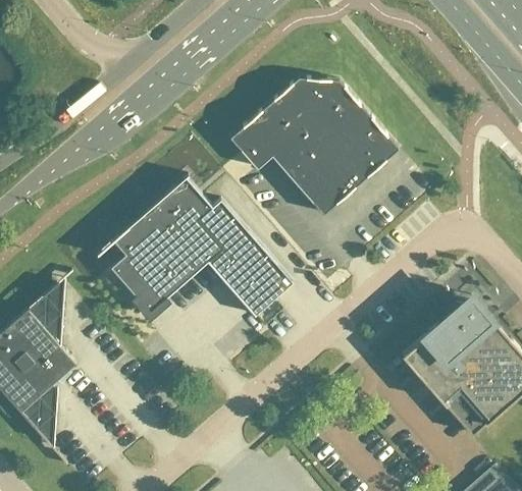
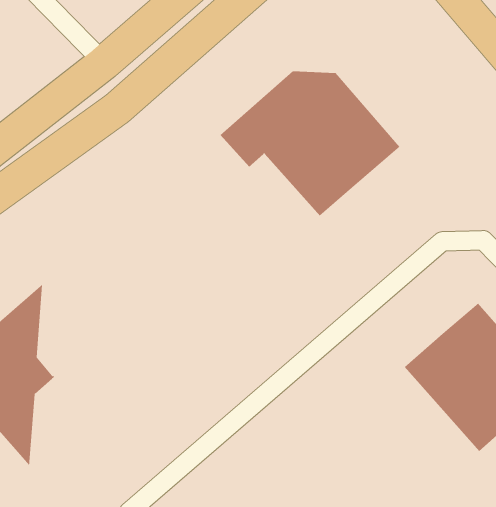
building: [109,175,293,317] -> none

